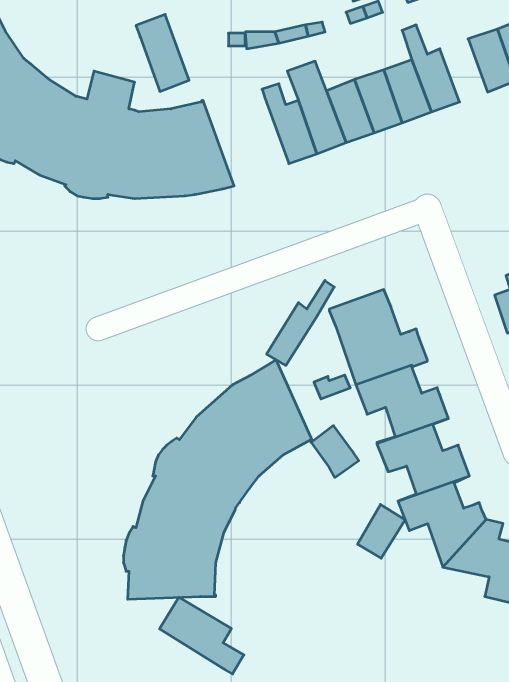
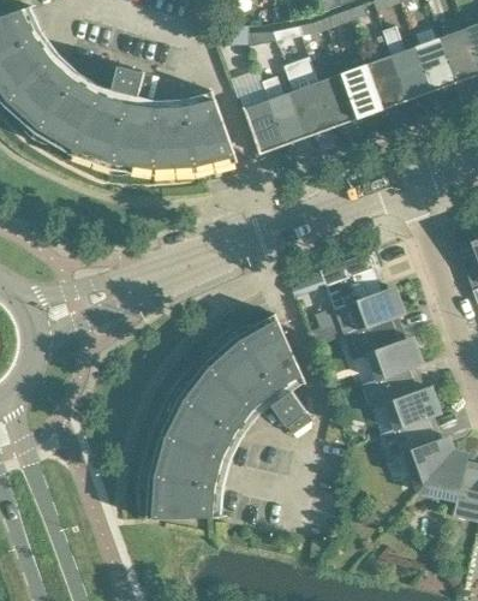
building: [136,14,189,91] -> [240,88,286,154]
building: none -> [416,37,456,91]
building: [267,280,334,365] -> none
building: [311,426,359,477] -> [273,389,313,434]
building: [358,504,405,558] -> none
building: [160,597,244,674] -> none

